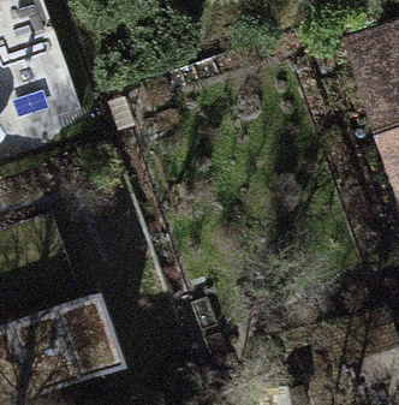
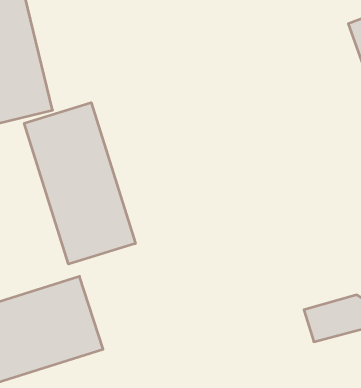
building: none -> [24,103,135,264]

